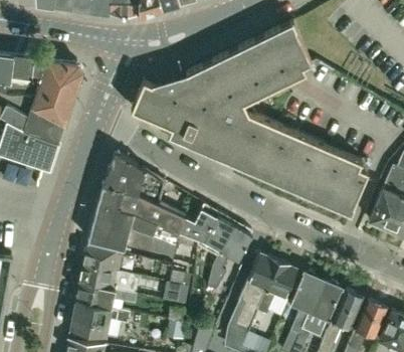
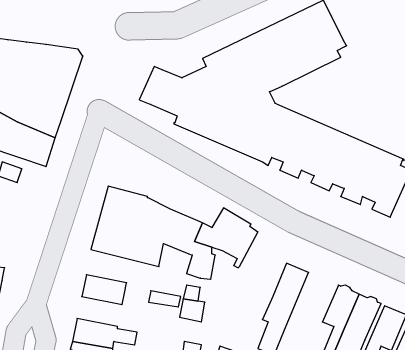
building: [103,152,164,206] -> none
building: [206,226,251,292] -> none
building: [83,245,122,271] -> none
building: [256,261,296,316] -> none
building: [75,283,135,309] -> none

